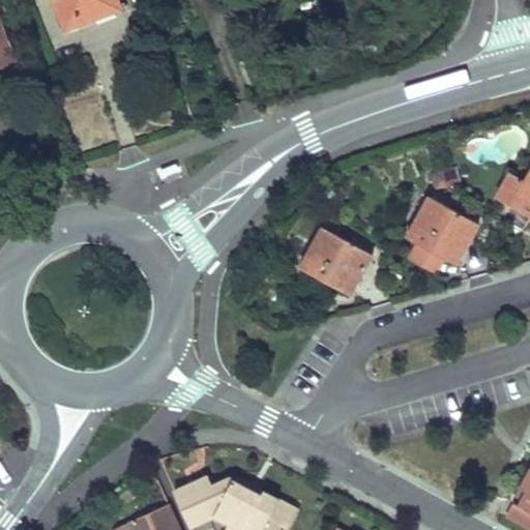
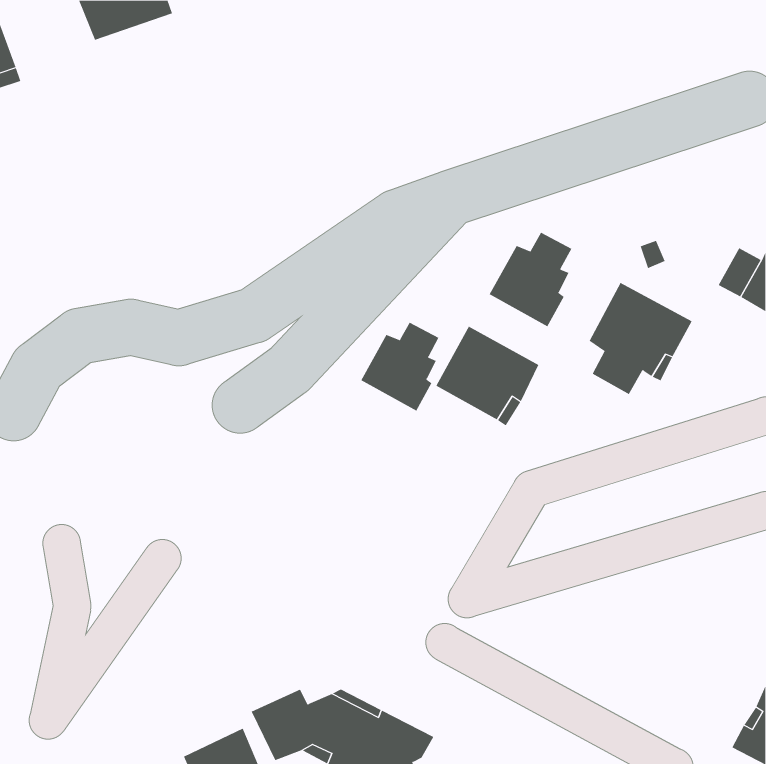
building: none -> [489,232,572,327]
building: none -> [360,322,439,411]

